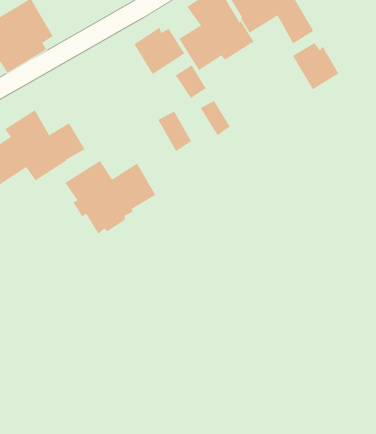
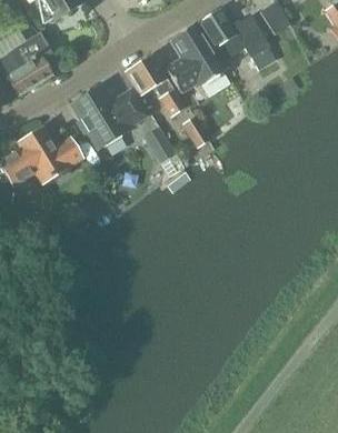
building: [292,42,339,90] -> none
building: [64,160,156,235] -> [70,87,147,149]

